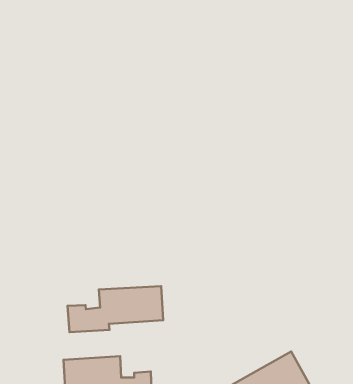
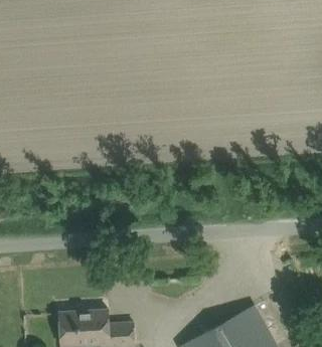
building: [67,286,163,332] -> none

